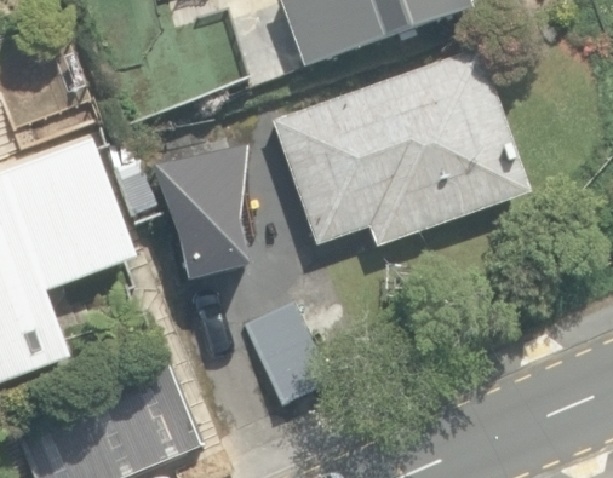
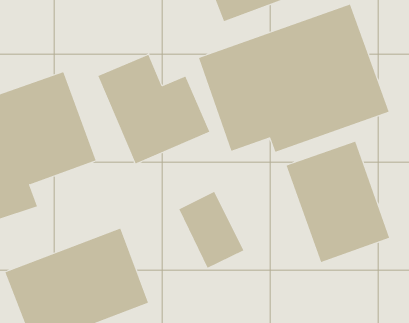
building: none -> [286,141,390,263]

